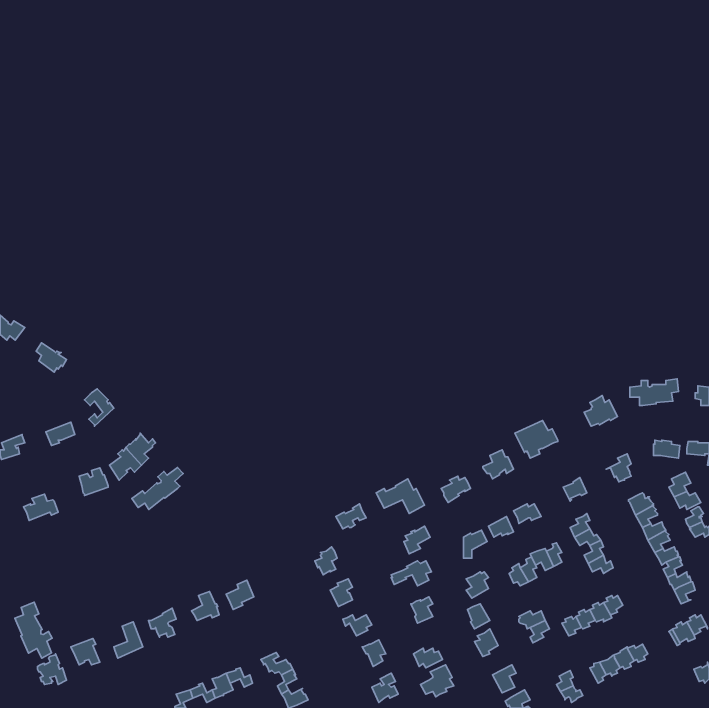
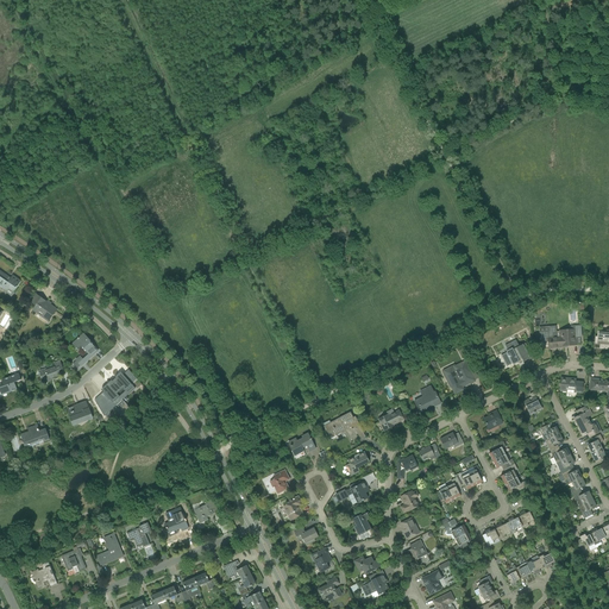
building: [132,467,183,509] -> none
building: [15,602,52,658] -> none

